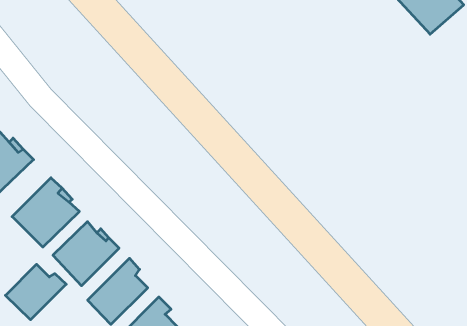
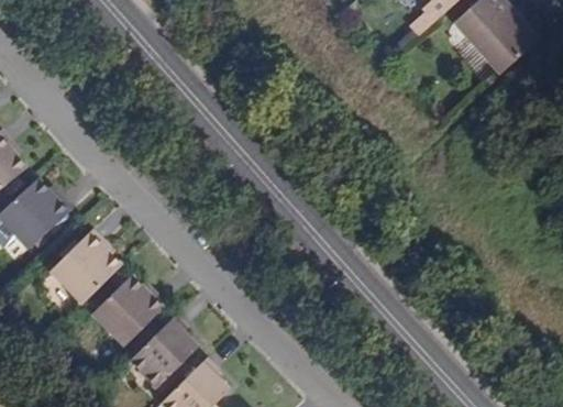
building: [5,264,66,320] -> none

